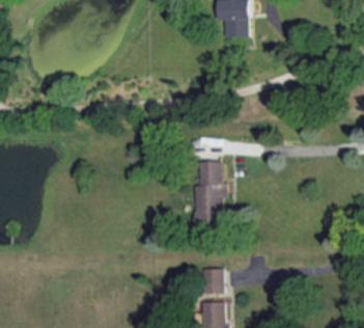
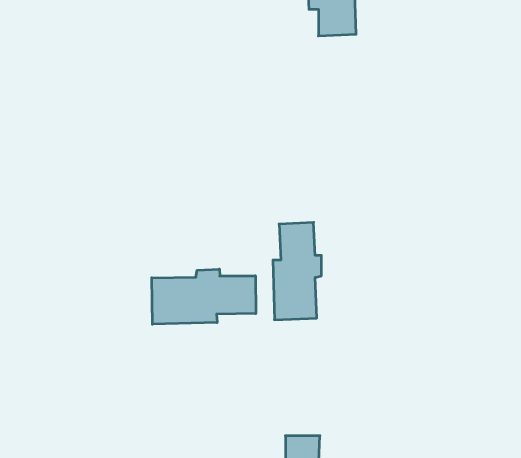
building: none -> [152,269,256,324]
building: [202,269,224,294] -> none

